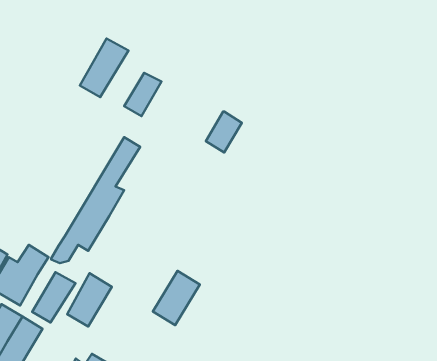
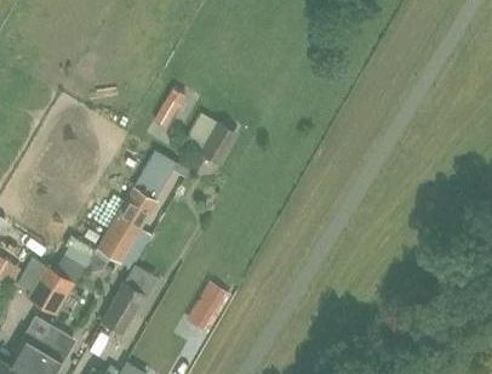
building: [80,39,129,97] -> none
building: [206,112,242,152] -> [199,123,234,163]
building: [32,272,75,323] -> none

